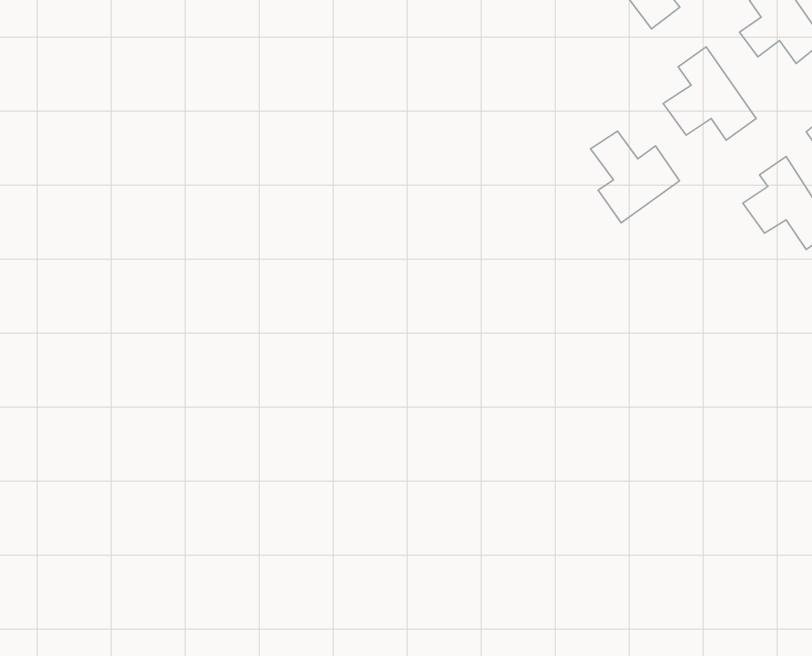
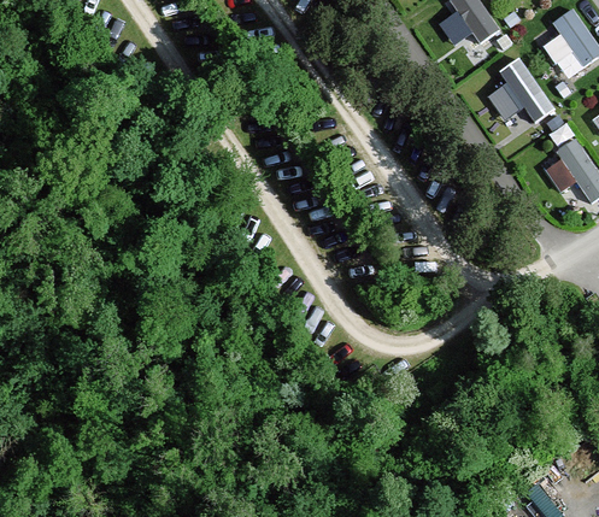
building: [590,131,680,223] -> none

